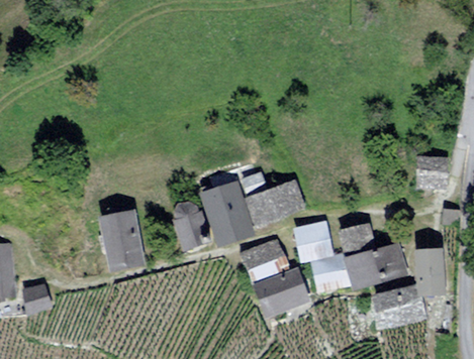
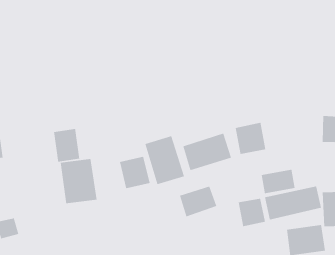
building: none -> [54,128,80,163]
building: [296,222,335,261] -> [235,122,266,154]
building: [252,270,310,316] -> none

